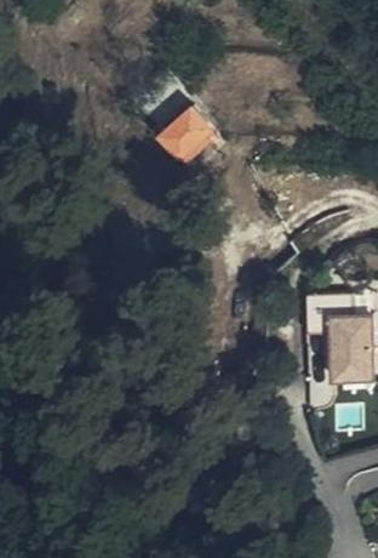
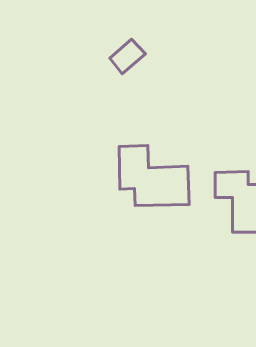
building: none -> [119,145,189,205]

